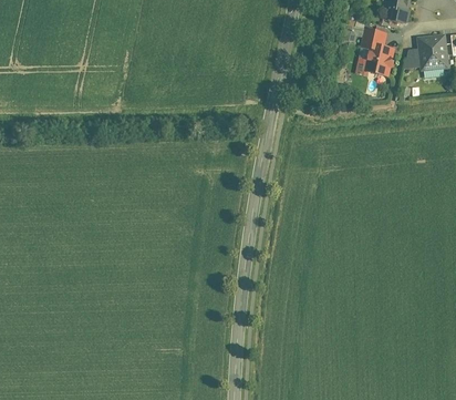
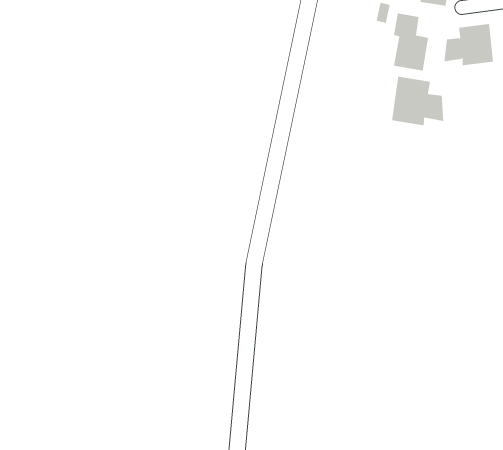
building: none -> [391,76,444,126]

